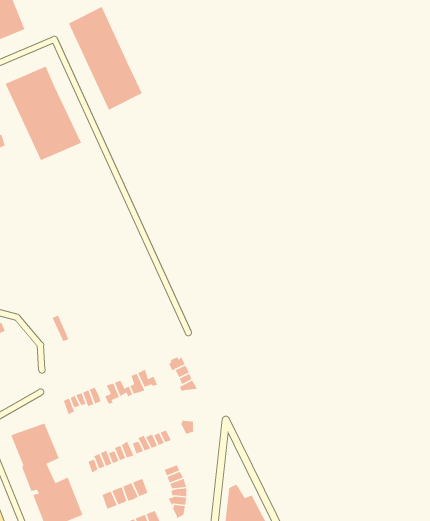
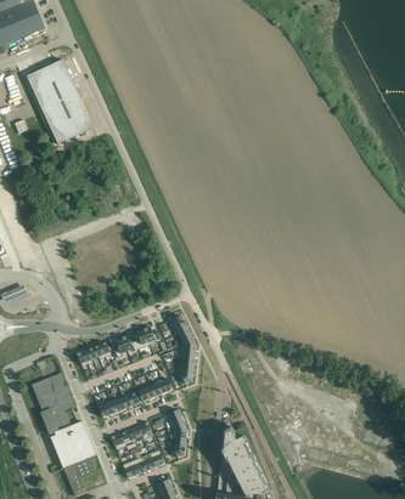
building: [68,6,143,111] -> none

